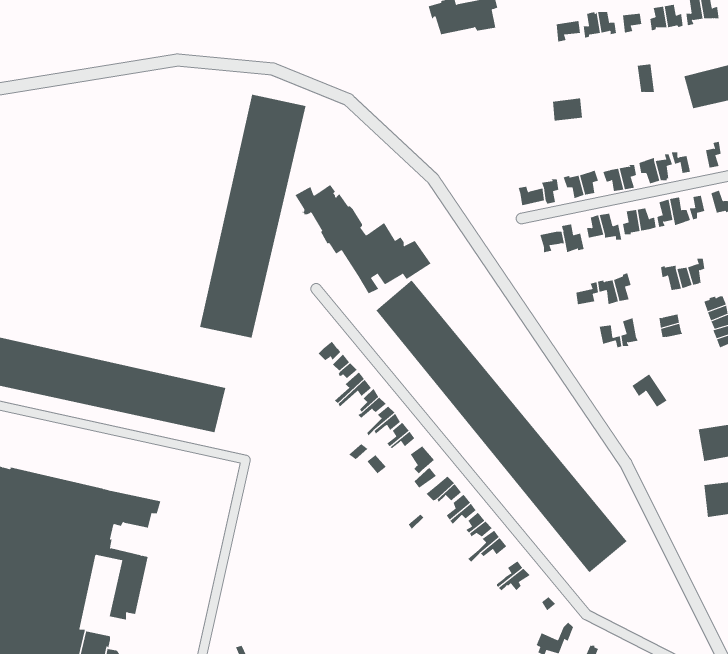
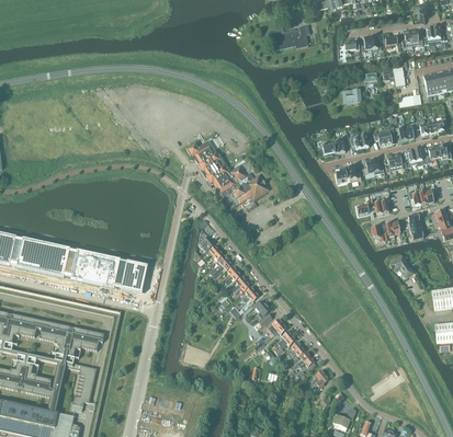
building: [200,94,306,339] -> none
building: [375,279,627,573] -> none

